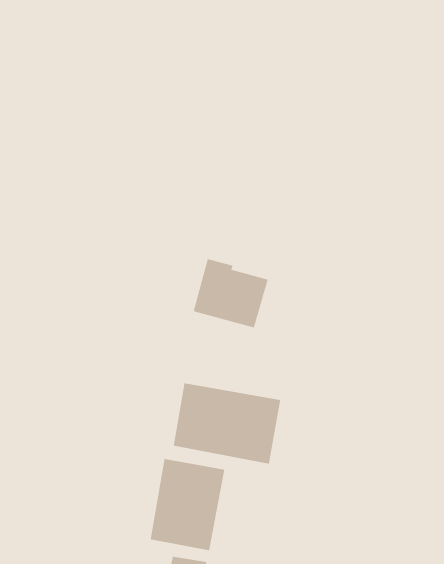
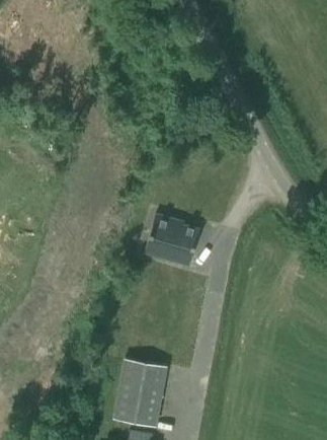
building: [173,383,281,464] -> none

